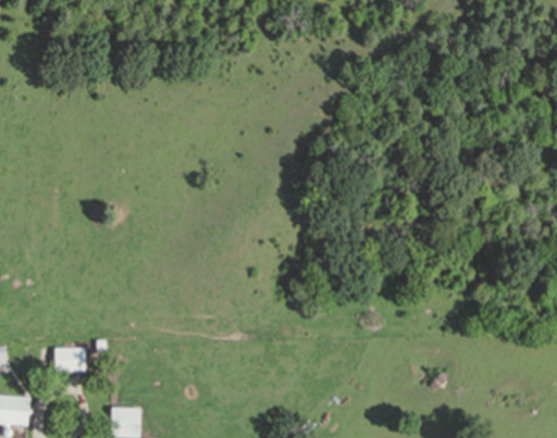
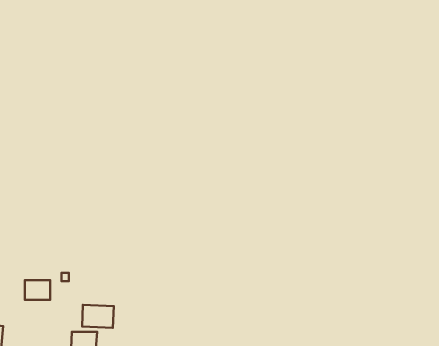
building: none -> [82,305,114,328]

